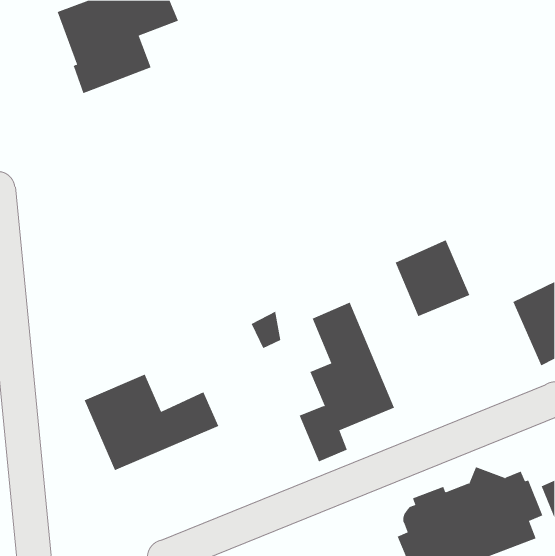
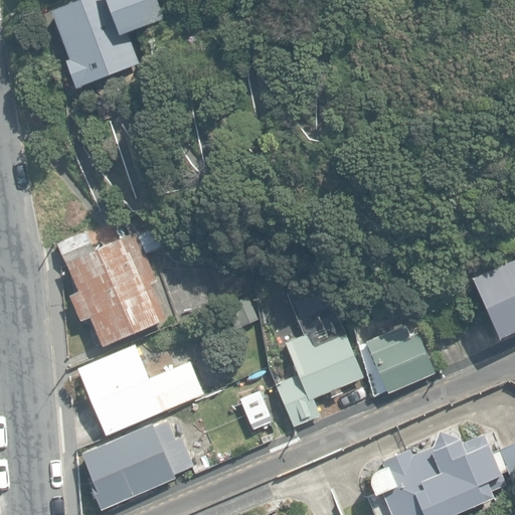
building: none -> [56,210,166,347]
building: [395,239,470,317] -> [366,322,436,393]
building: none -> [82,421,194,510]

